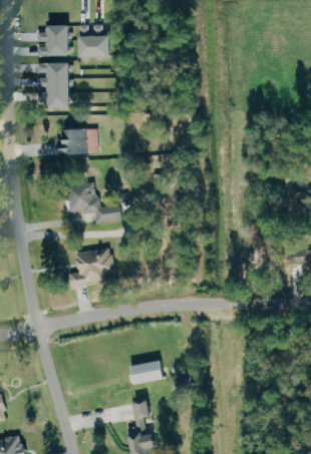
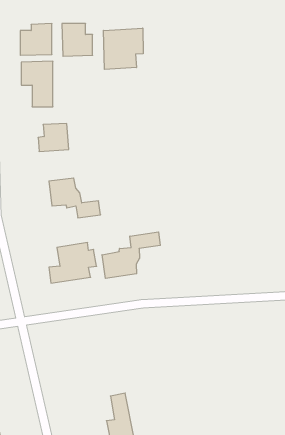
building: none -> [103,28,143,69]
building: none -> [102,232,160,278]
building: [128,360,163,384] -> none

